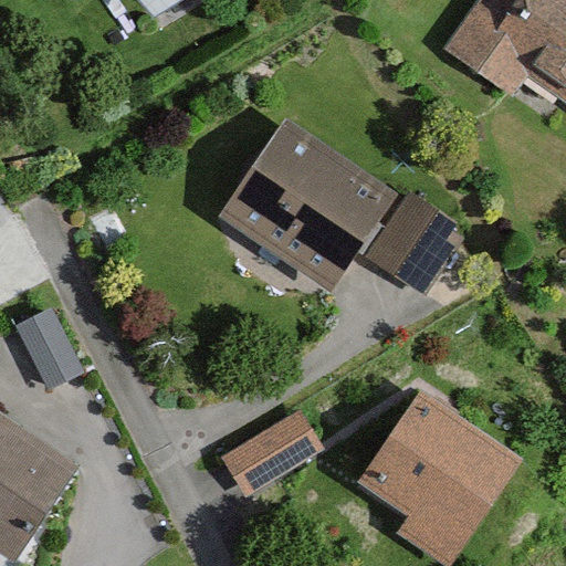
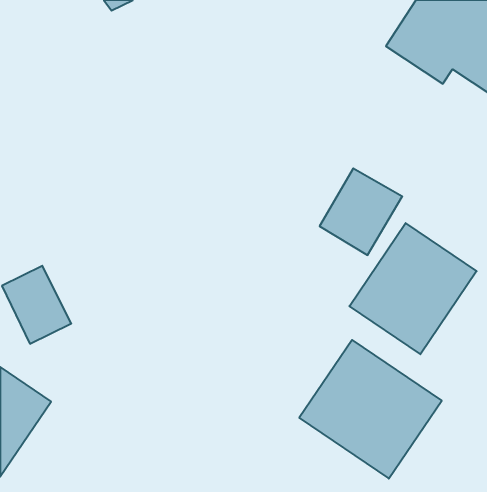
building: [220,119,392,287] -> none
building: none -> [349,223,477,354]
building: [229,408,327,491] -> none

